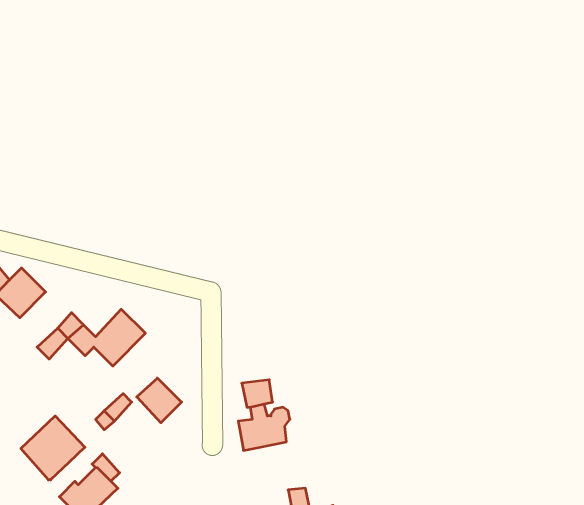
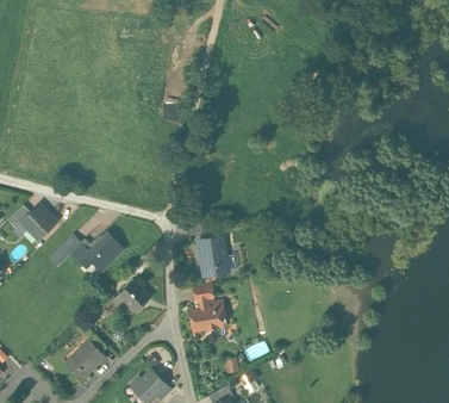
building: none -> [198,236,226,275]
building: [21,416,85,480] -> none

